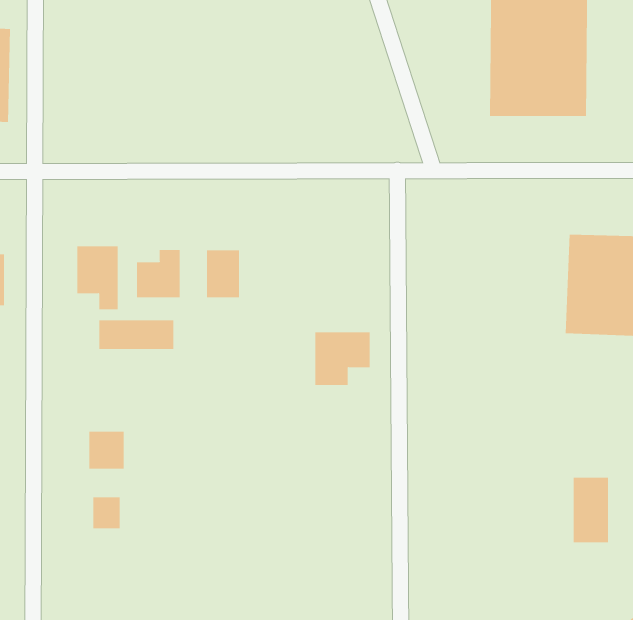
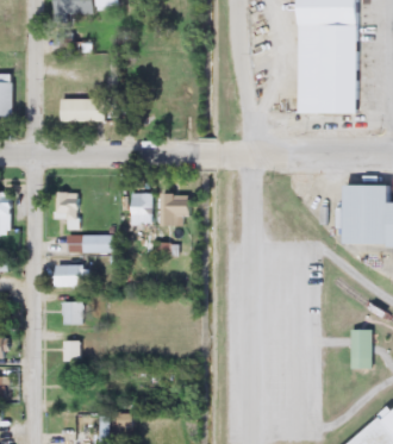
building: none -> [58,99,105,121]
building: [136,249,180,298] -> none
building: [315,332,370,386] -> [160,195,193,227]
building: none -> [56,267,82,288]

